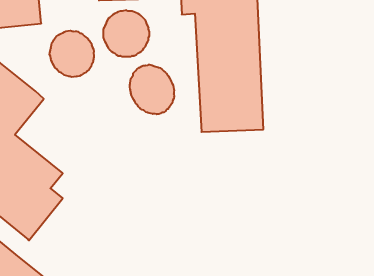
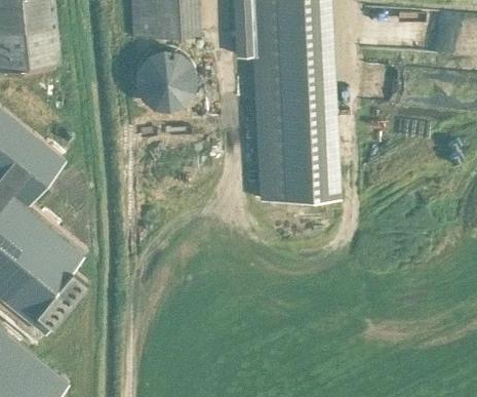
building: [50,31,94,77] -> none
building: [130,64,174,114] -> none

